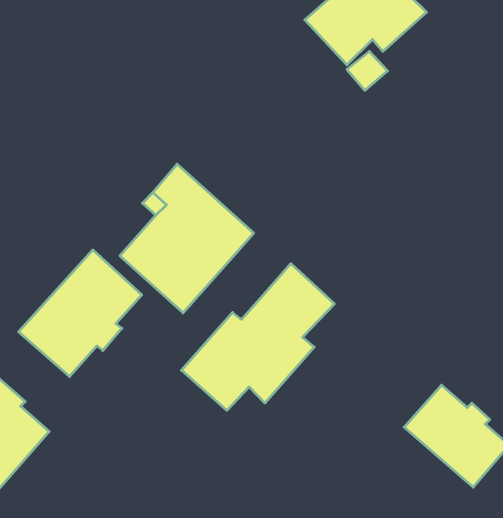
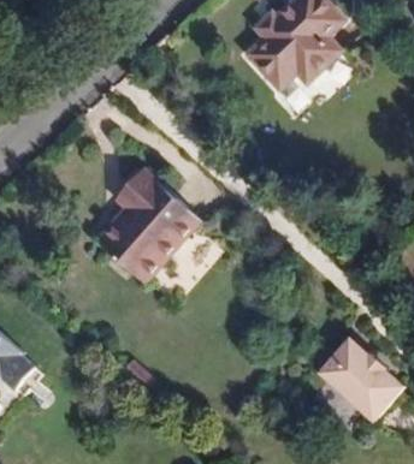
building: [19,250,142,377] -> none
building: [181,264,334,410] -> none

